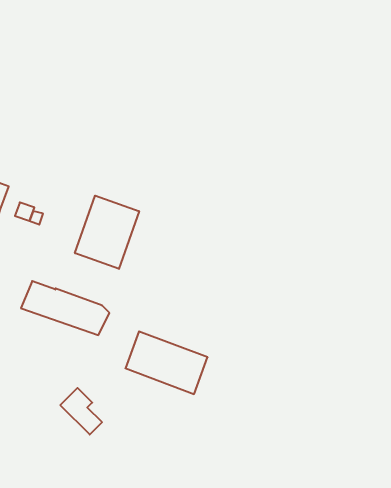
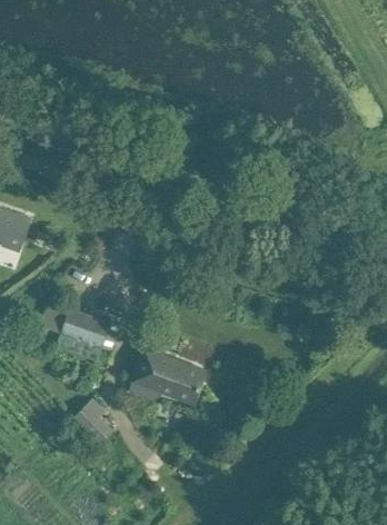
building: [75,196,139,269] -> none

